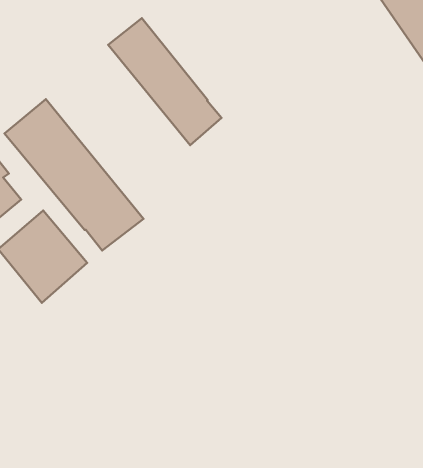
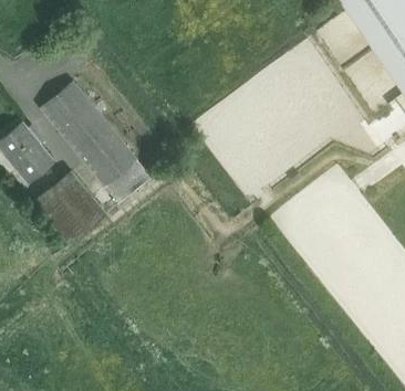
building: [108,18,222,145] -> none

